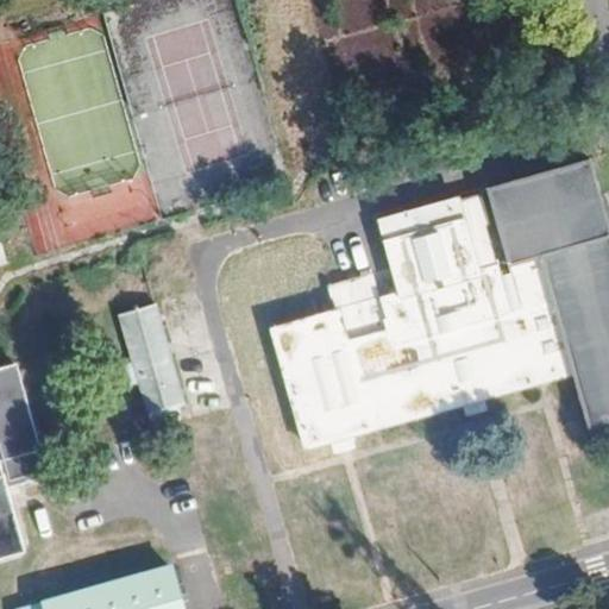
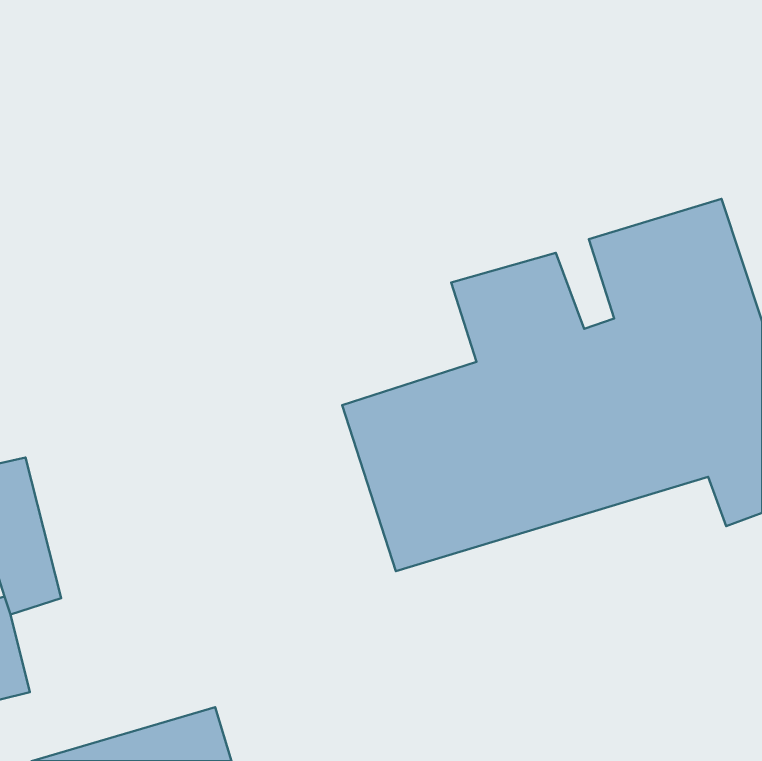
building: [118,302,187,417] -> none

